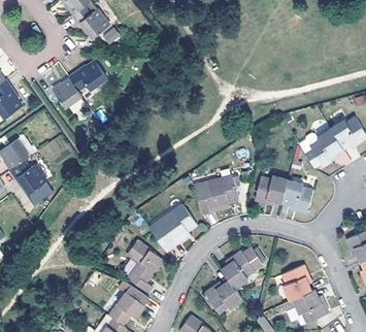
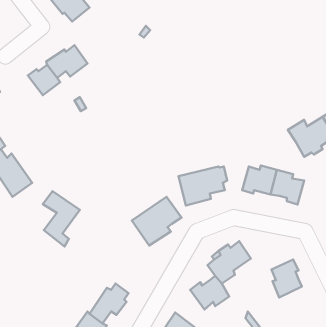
building: [127,241,162,294] -> [43,191,80,246]
building: [282,290,328,323] -> none

